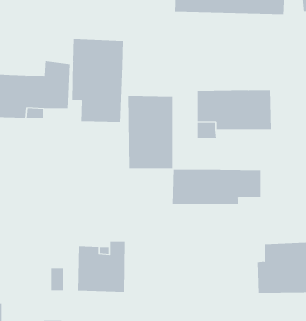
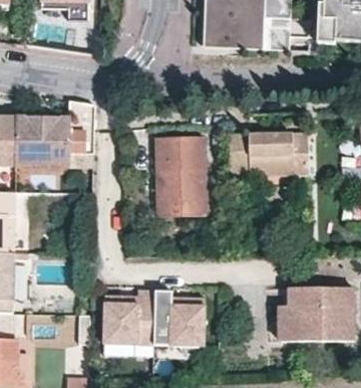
building: [72,38,123,123] -> none
building: [172,169,261,205] -> none
building: none -> [153,289,205,346]

